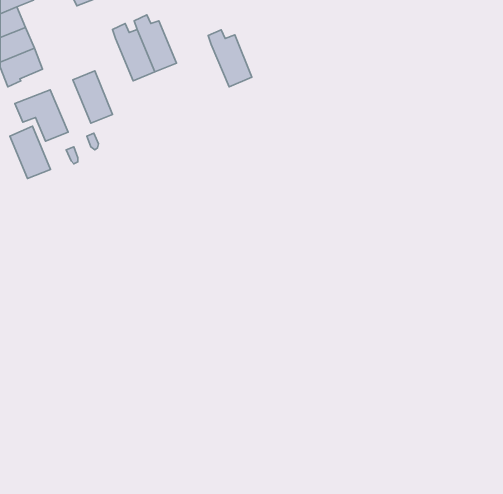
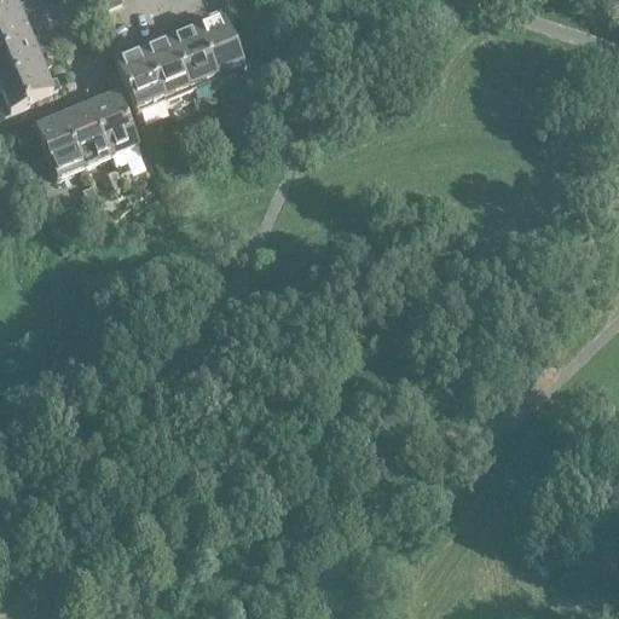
building: [208,30,252,87] -> [192,7,245,77]
building: none -> [111,40,164,110]
building: [10,126,50,178] -> [63,98,112,162]

